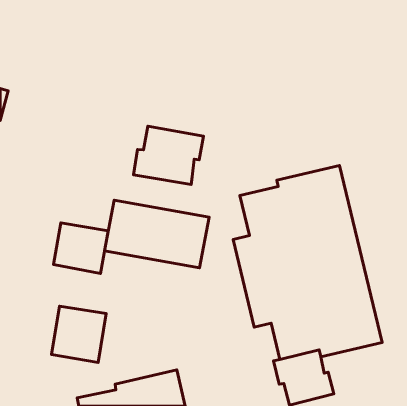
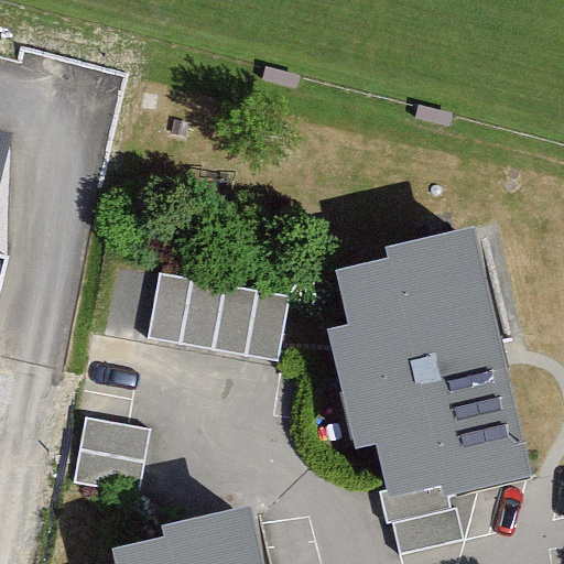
building: [133,126,204,185] -> none
building: [53,223,108,273] -> none

